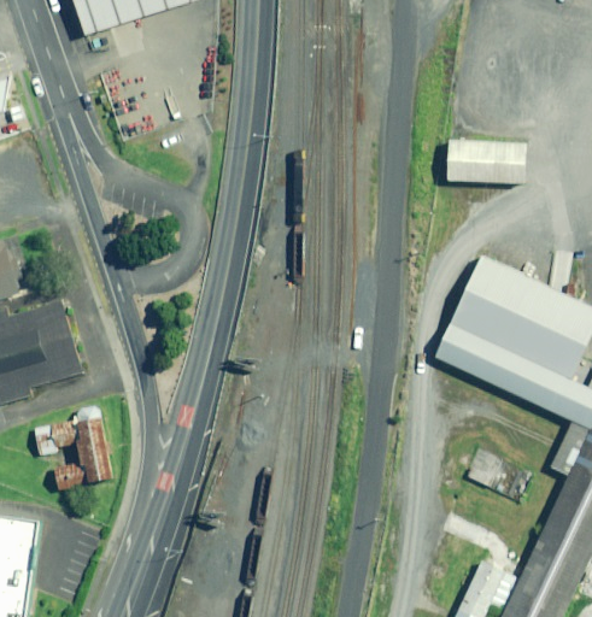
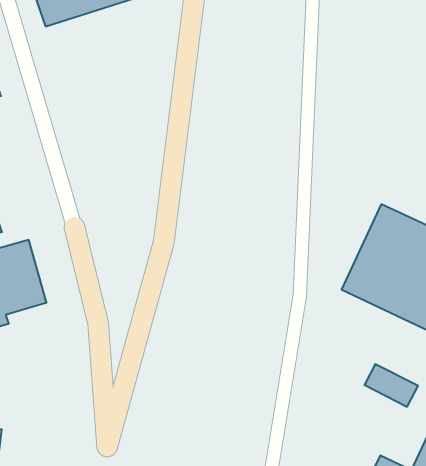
building: [436,139,517,184] -> none
building: [33,404,117,489] -> none

